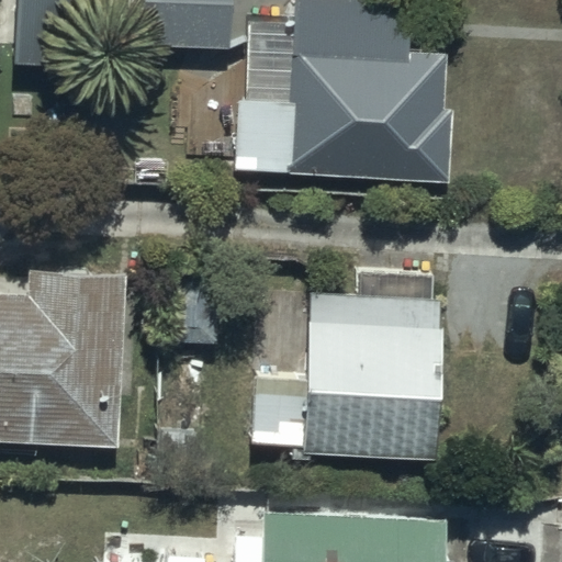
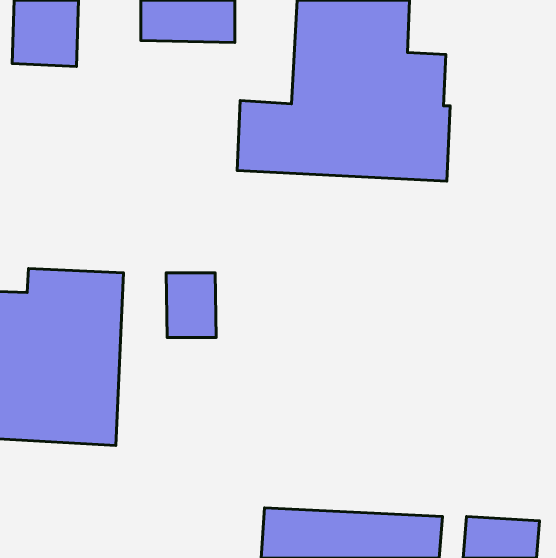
building: [254,294,441,459] -> none

